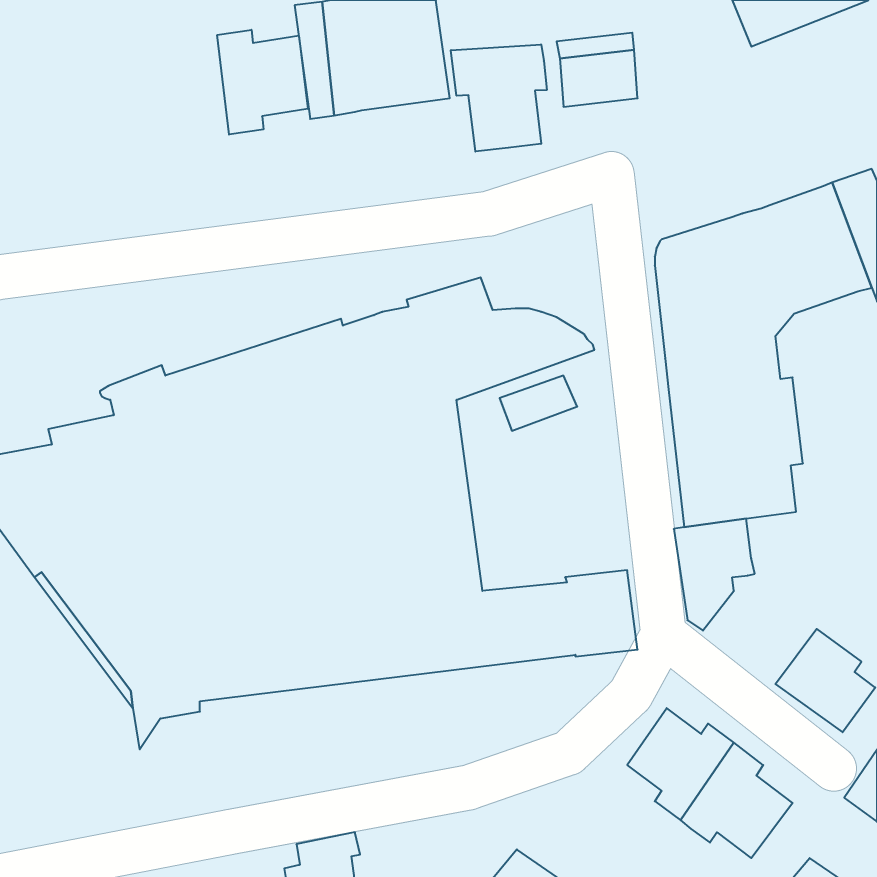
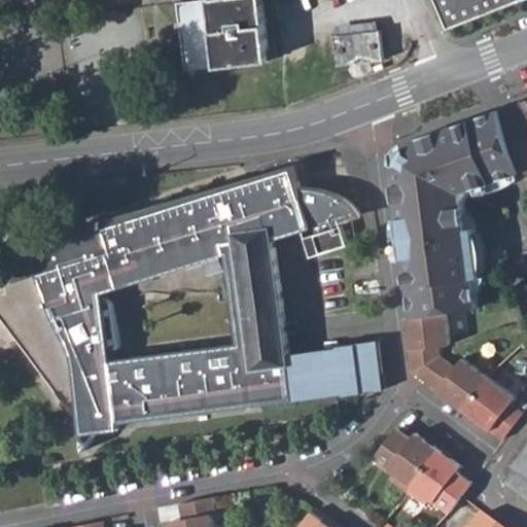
building: [217,30,308,135] -> none
building: [451,44,547,152] -> none
building: none -> [420,355,488,411]

